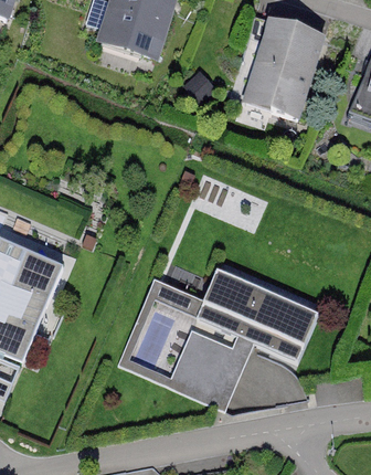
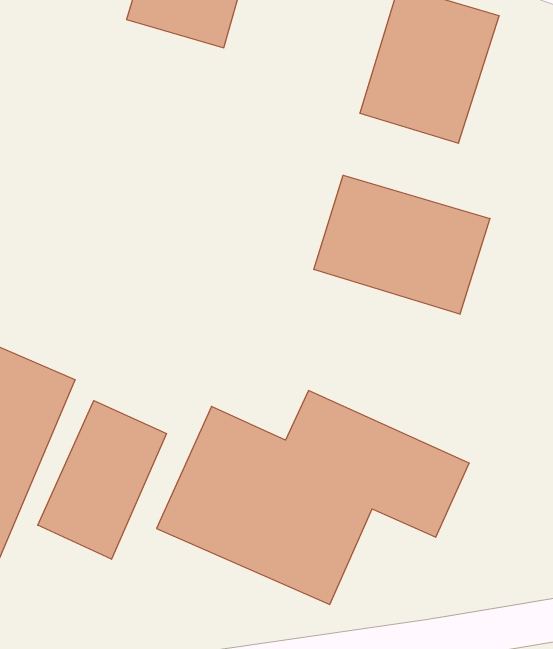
building: none -> [314,175,490,314]
building: none -> [38,401,167,559]

